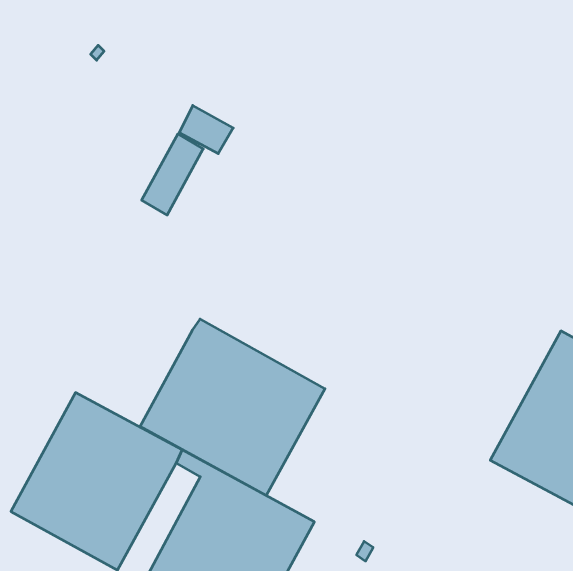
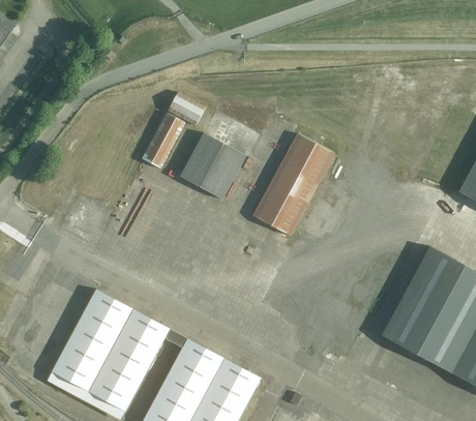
building: none -> [180,131,246,200]
building: none -> [251,133,334,236]
building: [140,319,325,496] -> none

